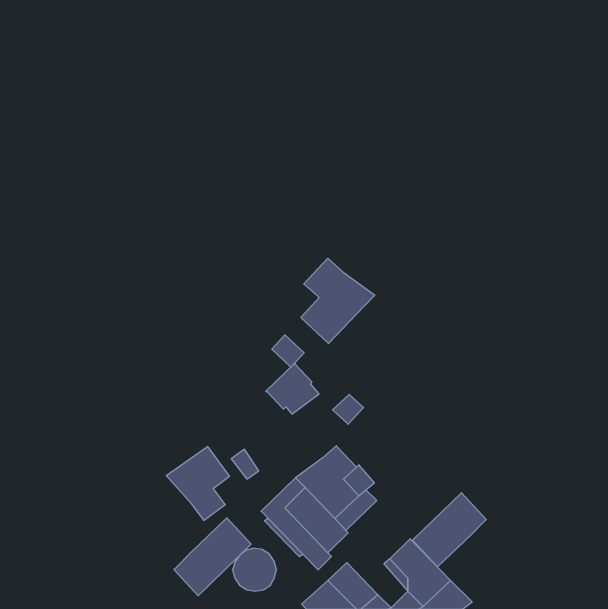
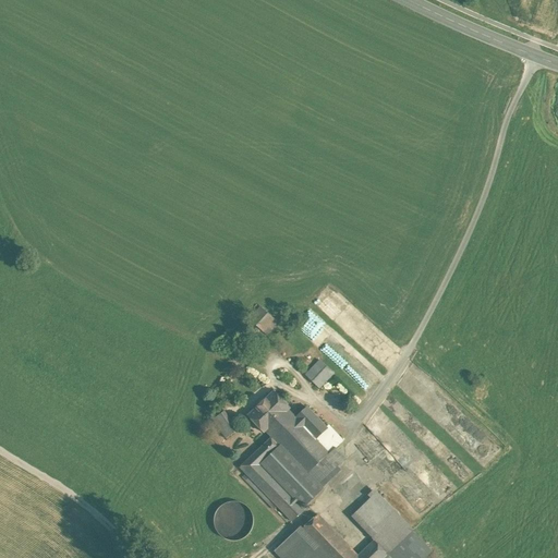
building: [301,258,375,343] -> none
building: [266,363,319,414] -> [246,390,295,437]
building: [166,446,229,520] -> none
building: [413,493,486,567] -> none
building: [174,518,251,596] -> none

